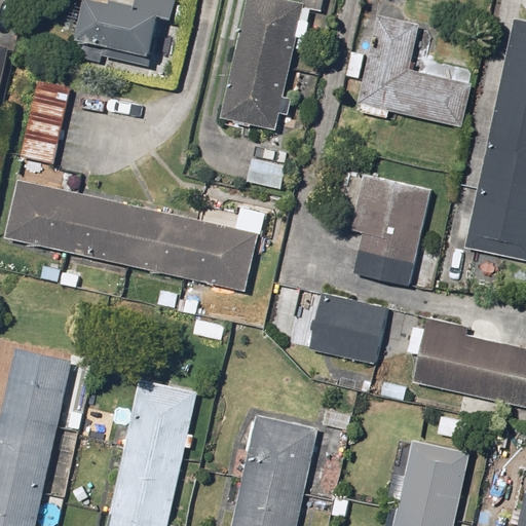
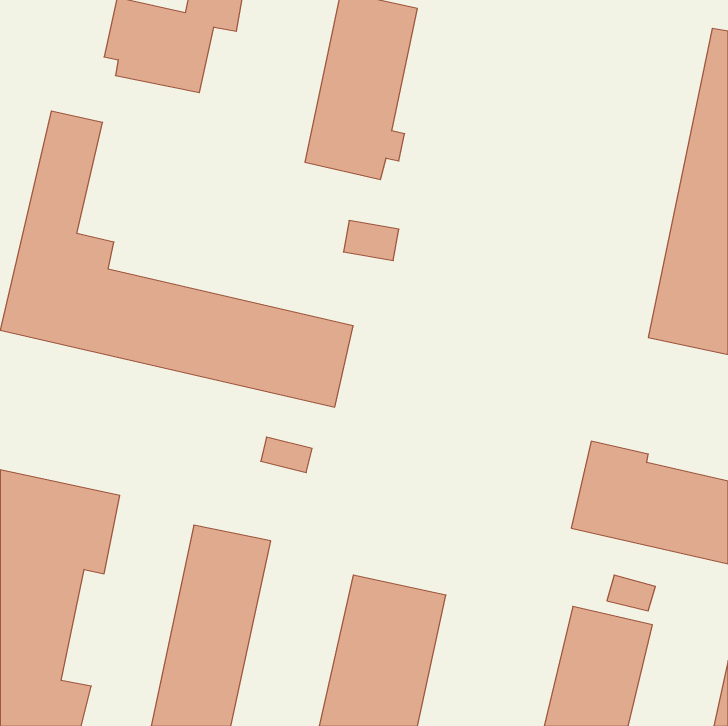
building: [358,17,472,126] -> none
building: [354,176,434,285] -> none
building: [308,294,388,366] -> none

